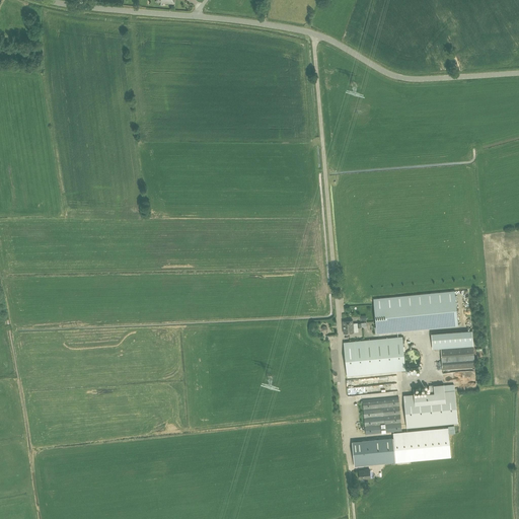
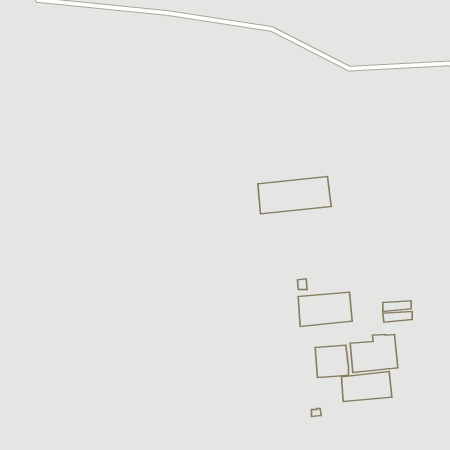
building: [372,292,456,335] -> [258,177,331,214]
building: [430,331,472,350] -> none
building: [351,439,393,466] -> none

